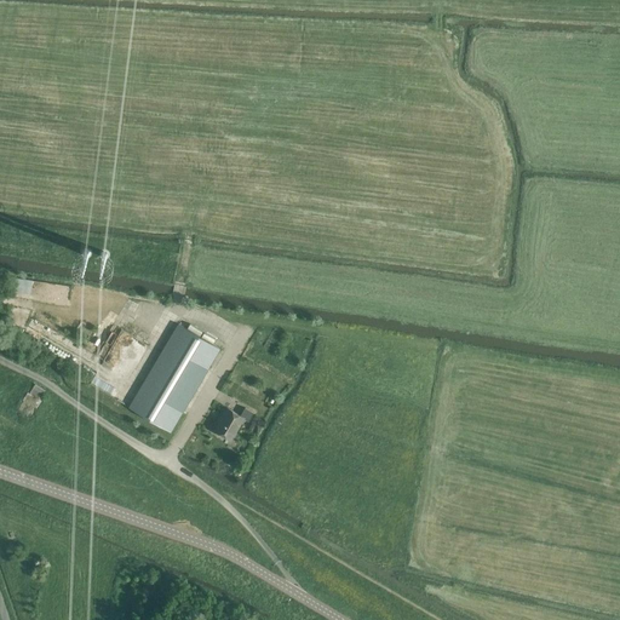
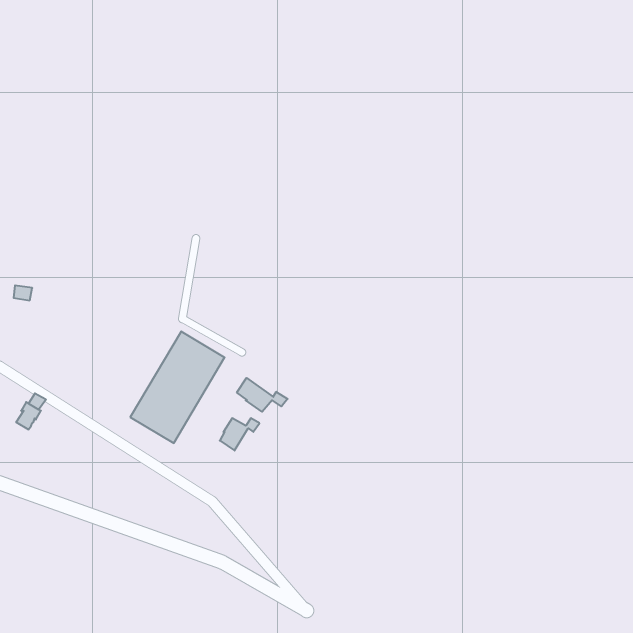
building: none -> [237,378,288,412]

